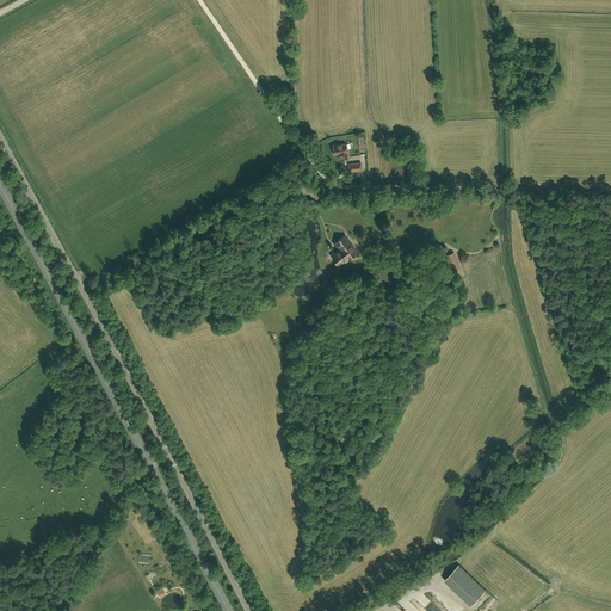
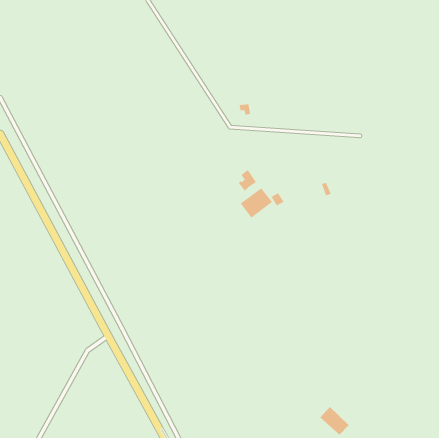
building: none -> [240,188,273,219]

